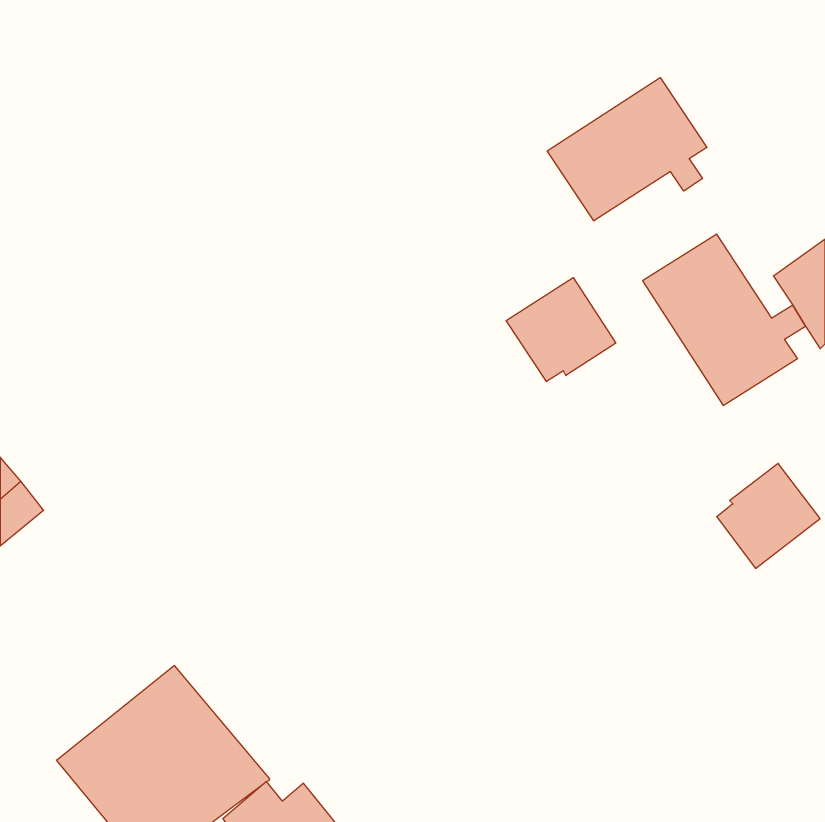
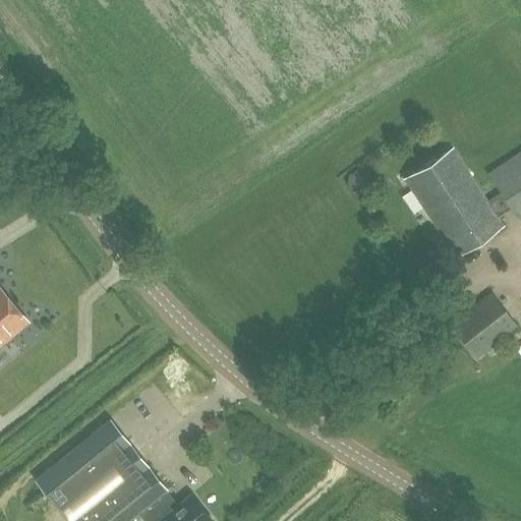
building: [547,78,707,221] -> none
building: [506,278,616,382] -> none

